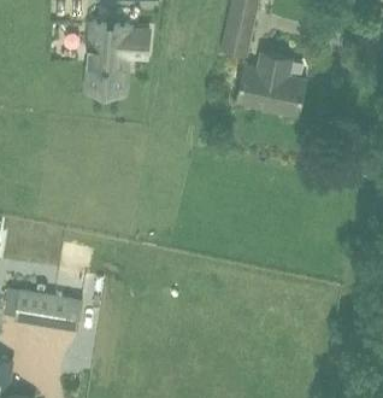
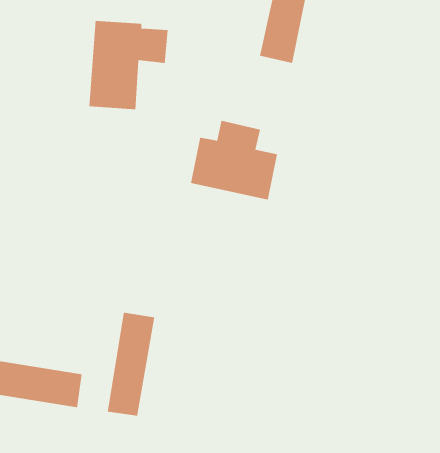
building: [238,52,307,115] -> [190,120,278,200]
building: none -> [107,312,155,416]

